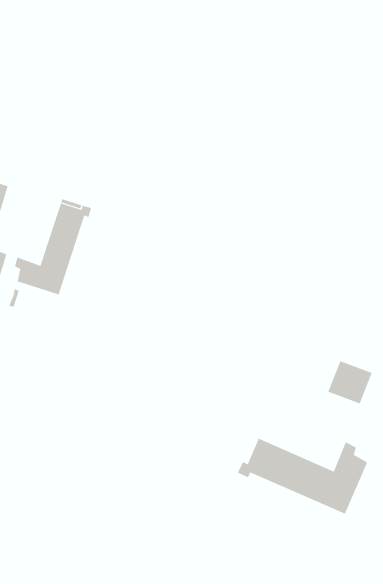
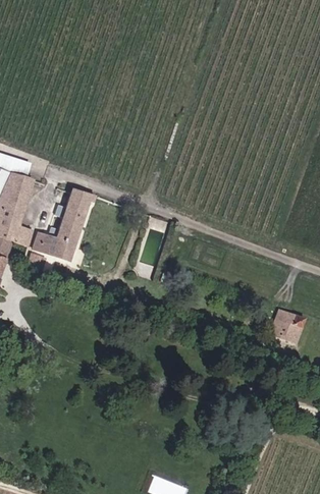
building: [237,438,368,514] -> none

